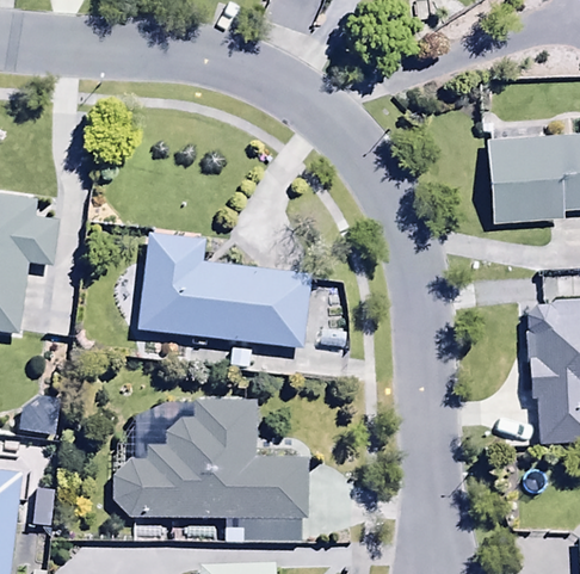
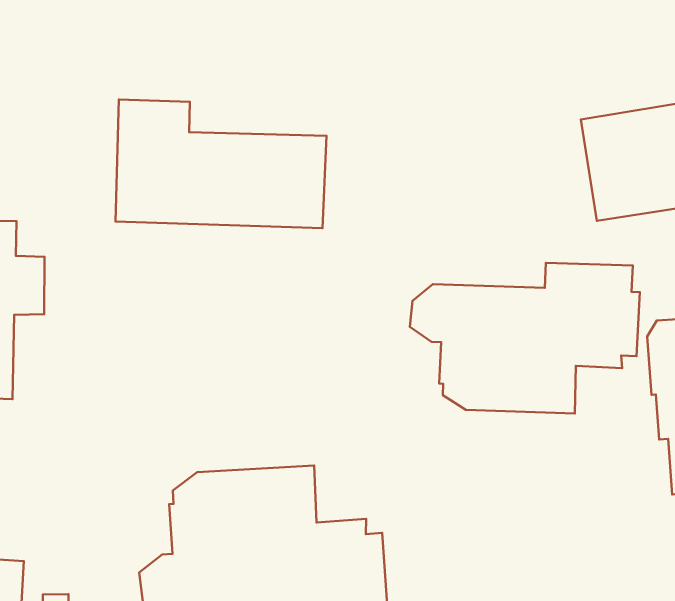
building: [138,233,310,346] -> [115,99,326,228]
building: none -> [410,263,640,414]

